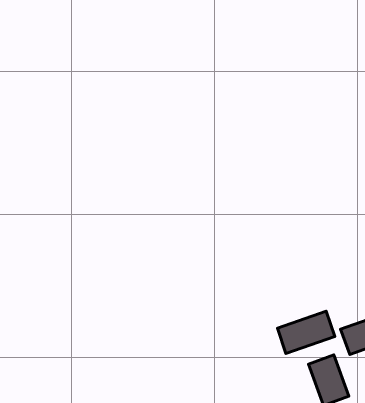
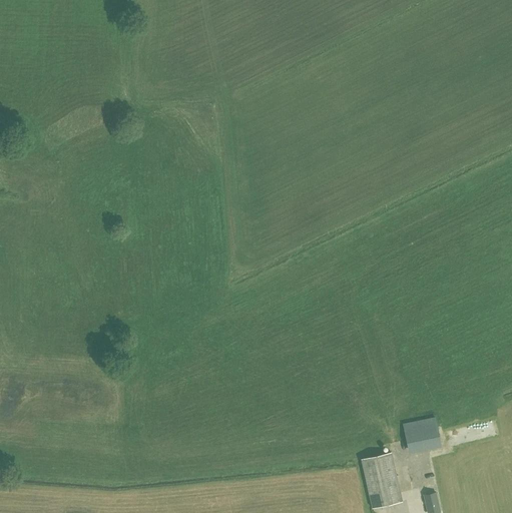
building: [277,311,335,354] -> none

